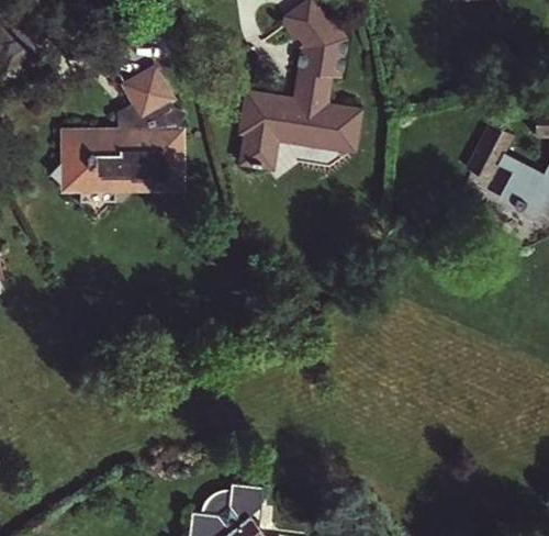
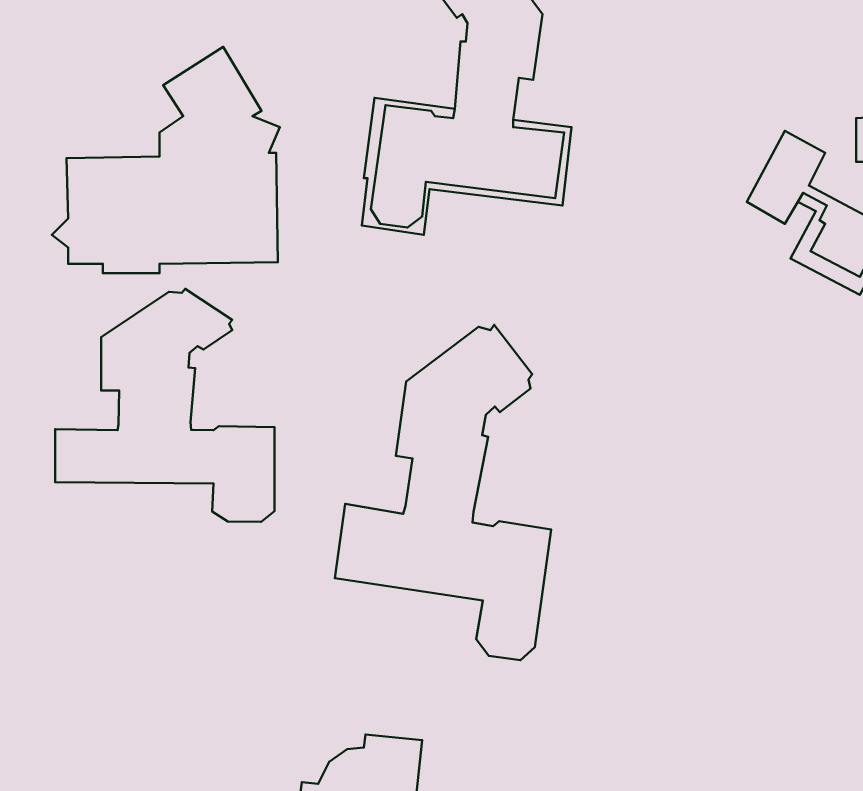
building: none -> [55,289,275,522]
building: none -> [335,325,551,660]

